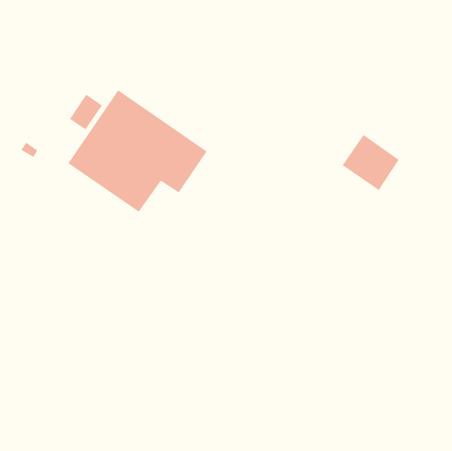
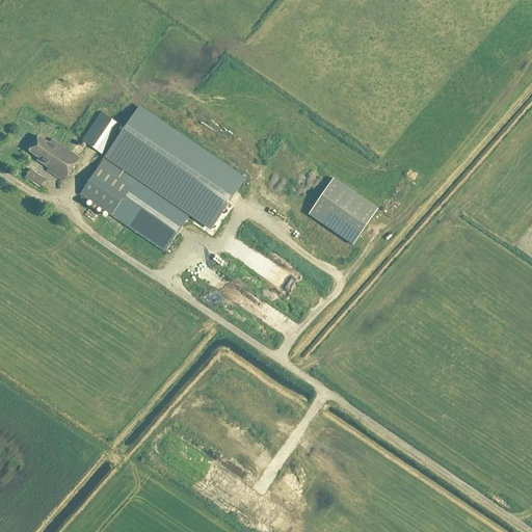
building: none -> [28,135,79,180]
building: [342,134,399,191] -> [309,177,376,243]

